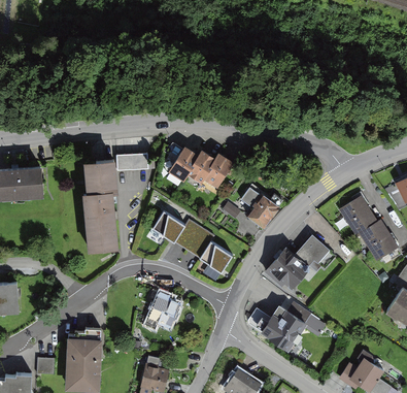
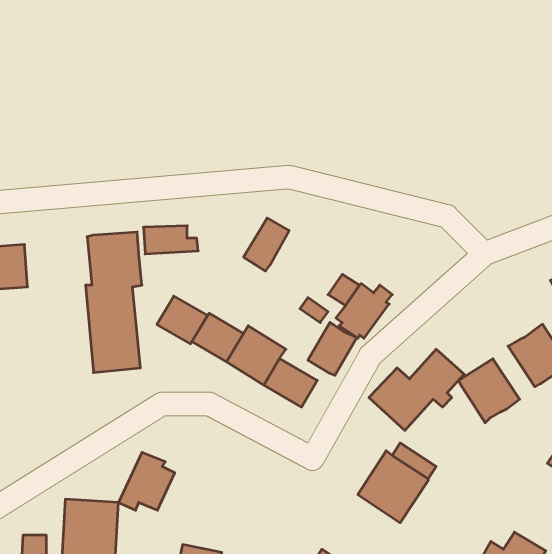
building: [168,146,198,182] -> none
building: [203,154,233,189] -> none
building: [339,195,379,237] -> [458,359,520,423]
building: none -> [157,296,207,344]
building: none -> [308,322,357,375]
building: [144,291,181,329] -> [118,452,175,510]

